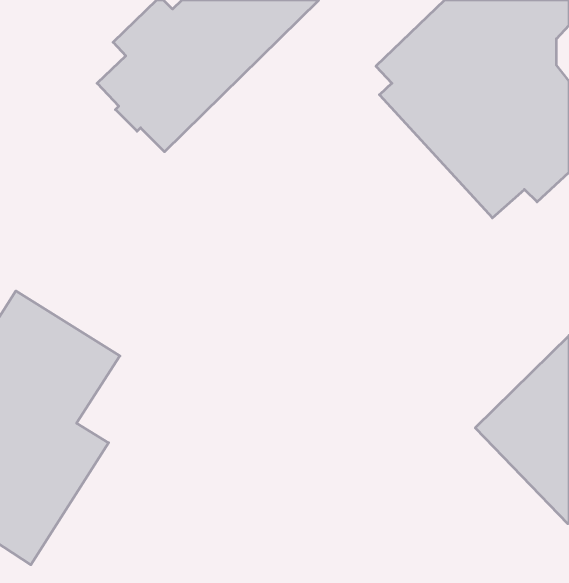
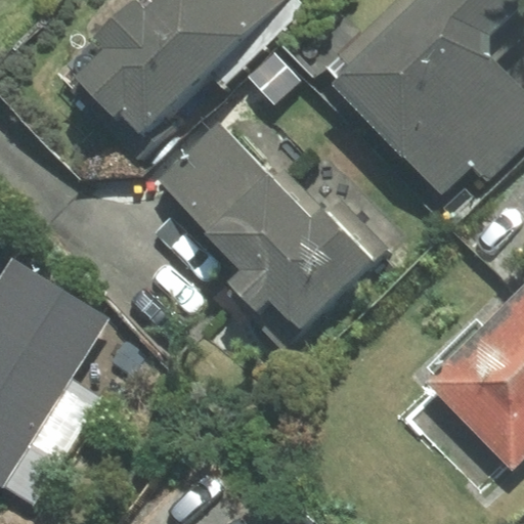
building: none -> [159,123,387,332]

